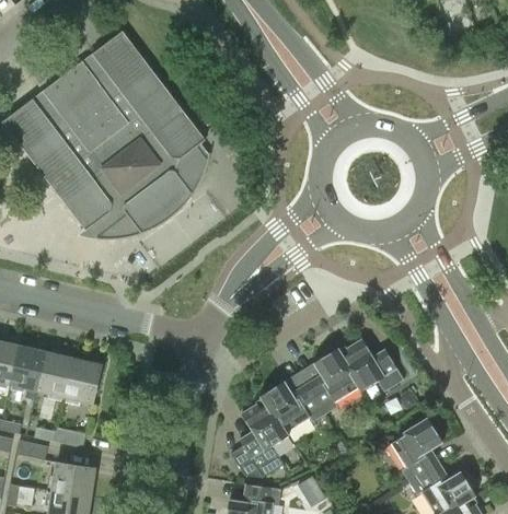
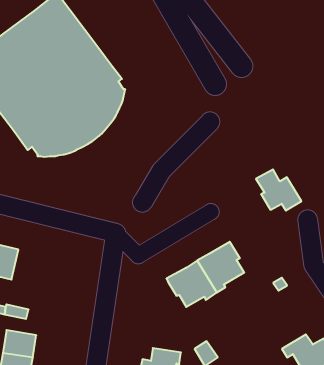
building: [345,339,403,392] -> [256,169,301,211]
building: [63,358,101,402] -> none
building: [231,399,290,477] -> none
building: [395,418,446,484] -> none

